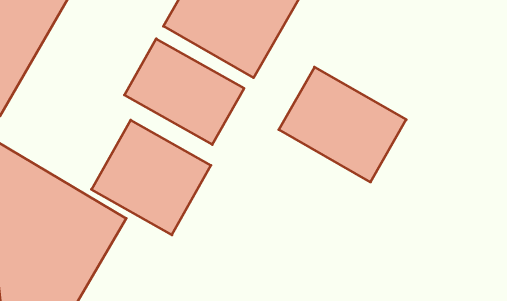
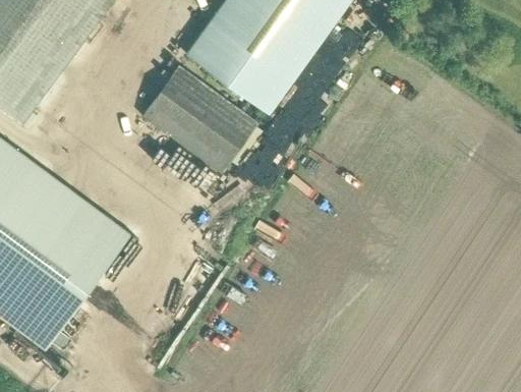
building: [279,67,406,182] -> none
building: [91,120,211,235] -> none

